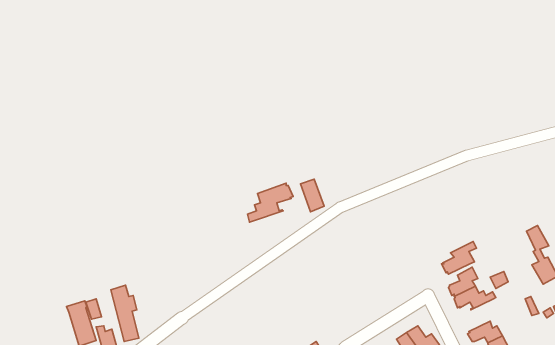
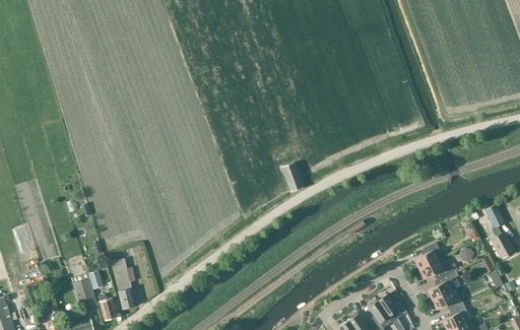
building: [247,183,293,222] -> none
building: [442,241,477,274] -> [427,270,458,300]

